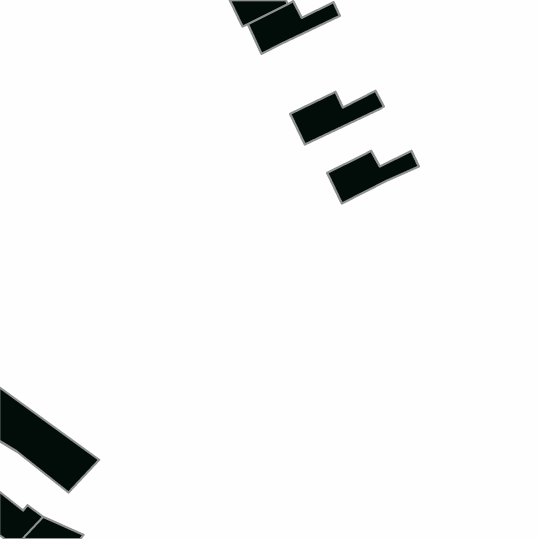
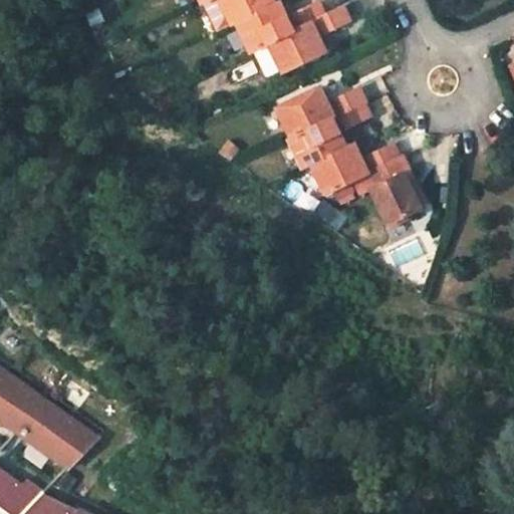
building: none -> [267,6,348,71]
building: none -> [289,103,368,169]
building: none -> [368,157,425,223]

